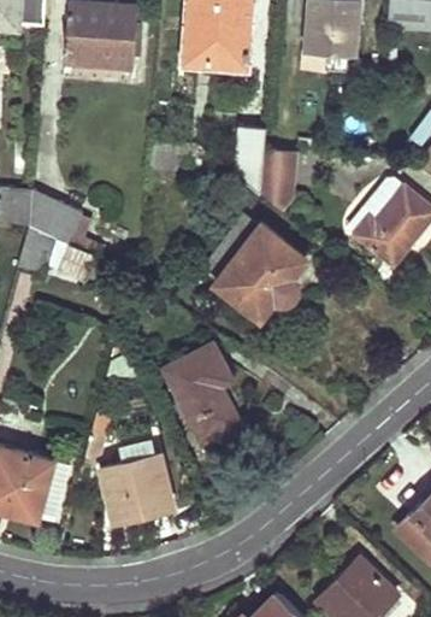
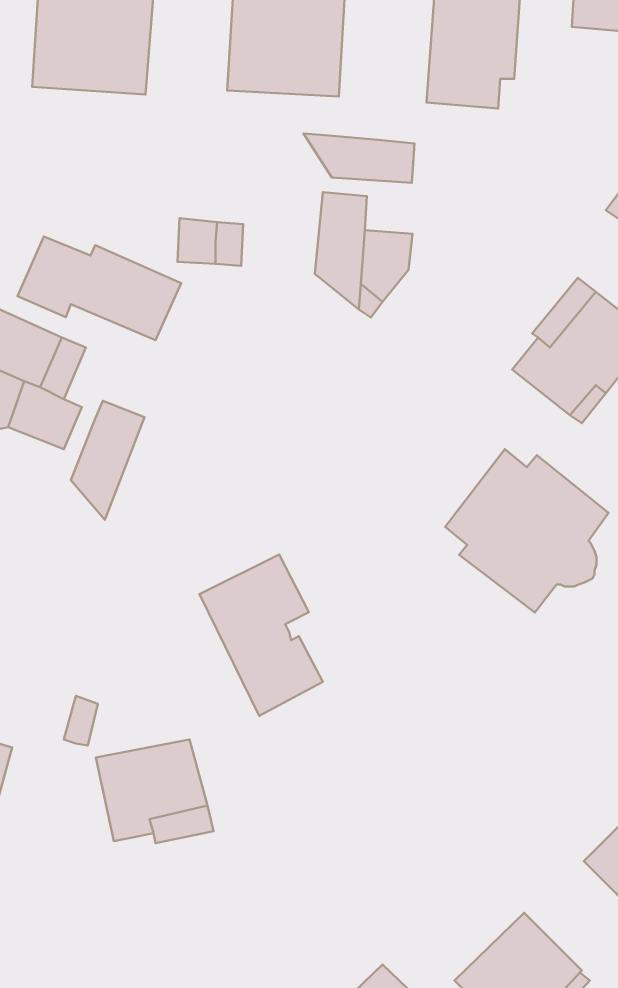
building: none -> [304,134,415,183]
building: none -> [18,237,181,340]
building: [206,219,305,318] -> [445,449,608,612]
building: none -> [71,401,144,520]

